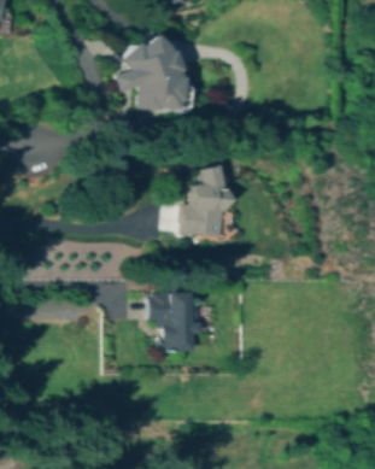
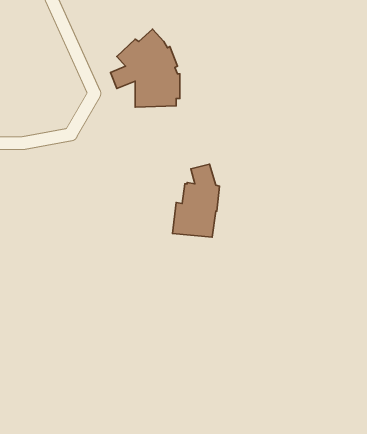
building: [150,293,198,351] -> none

